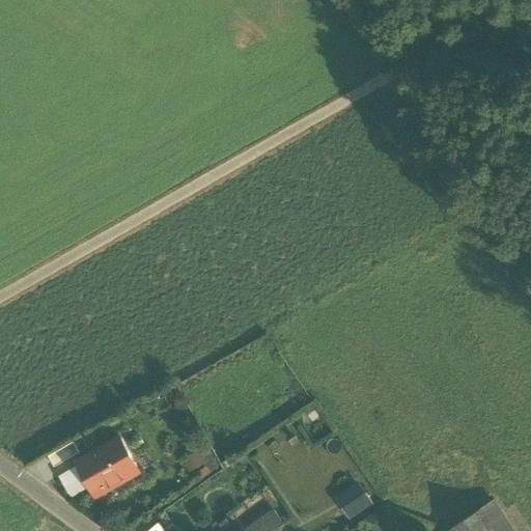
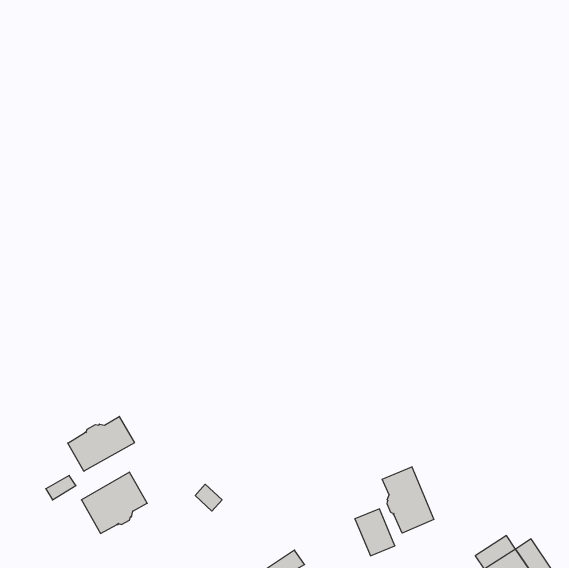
building: none -> [68,416,134,471]
building: none -> [382,467,434,533]

